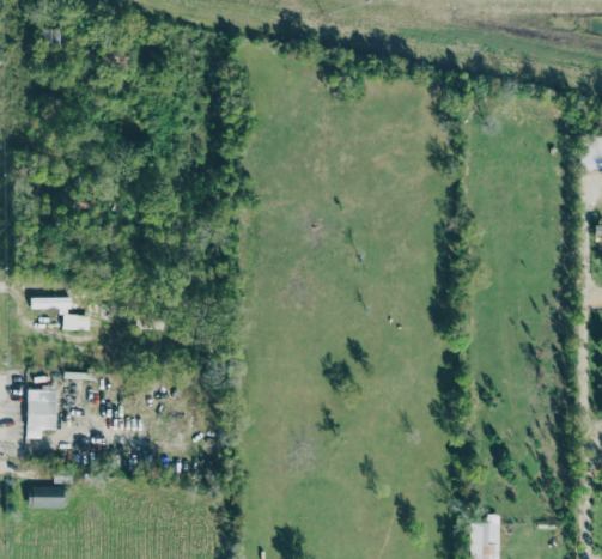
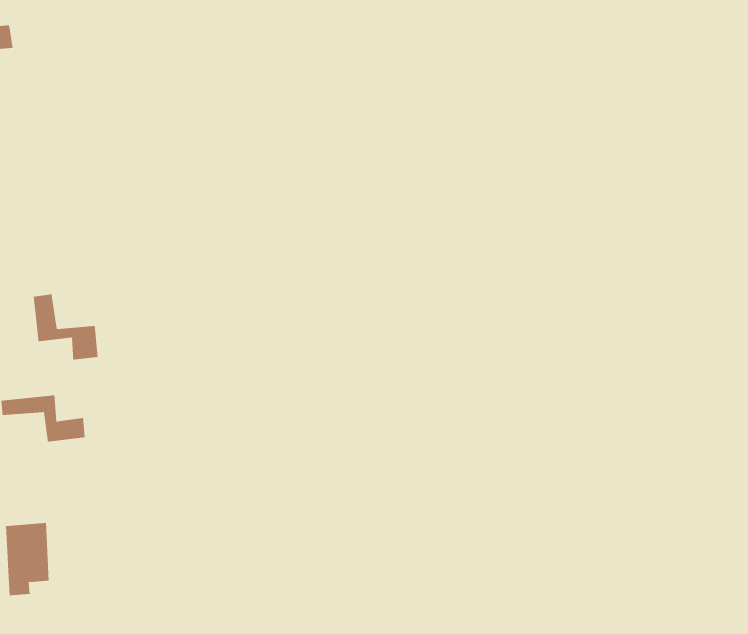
building: none -> [33,294,98,361]

